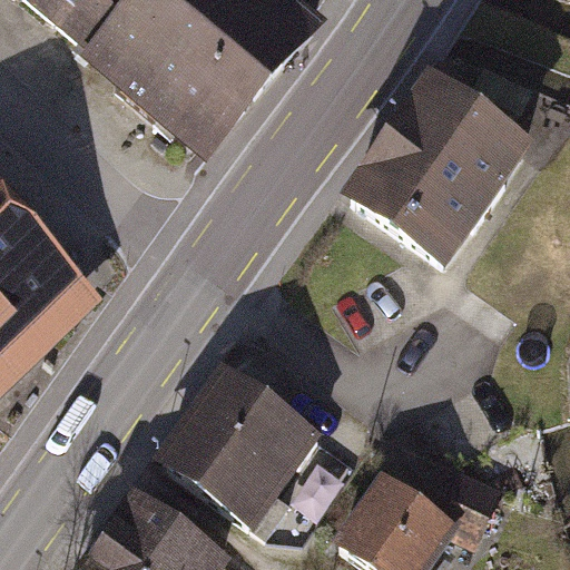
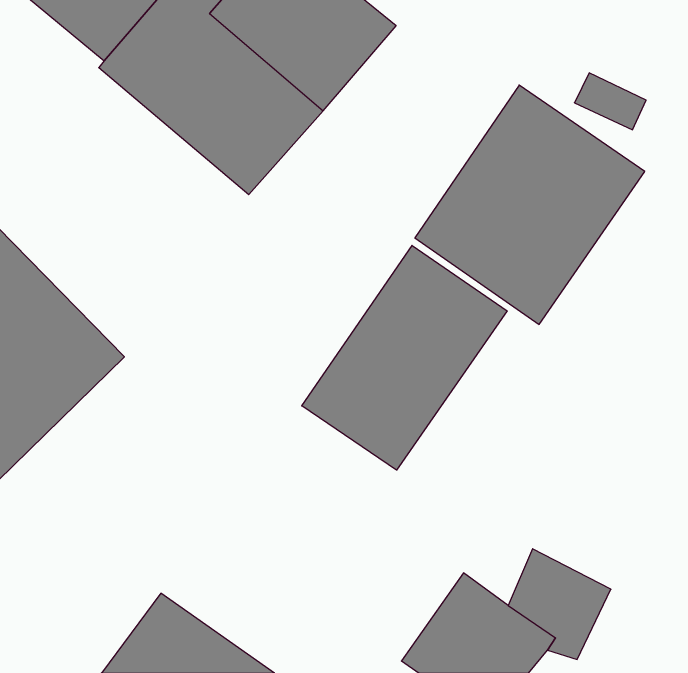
building: none -> [302,245,507,470]
building: [154,358,323,527] -> none

